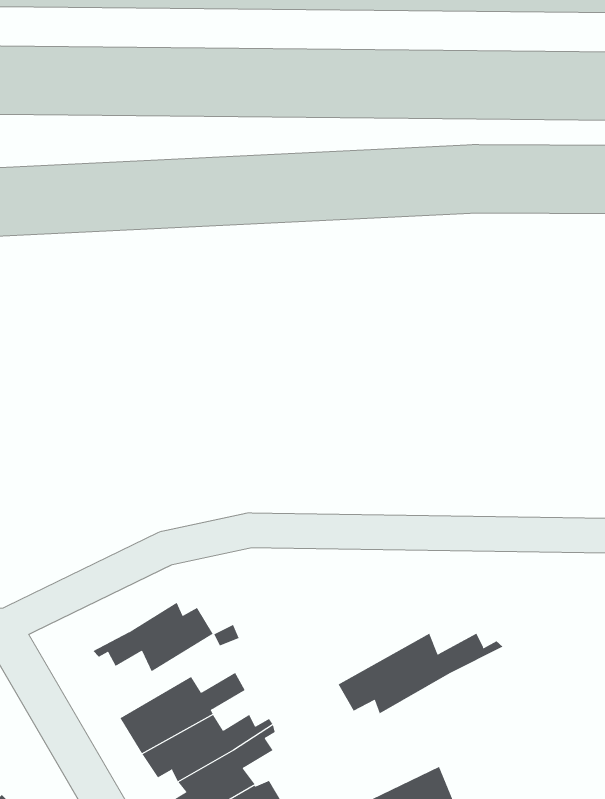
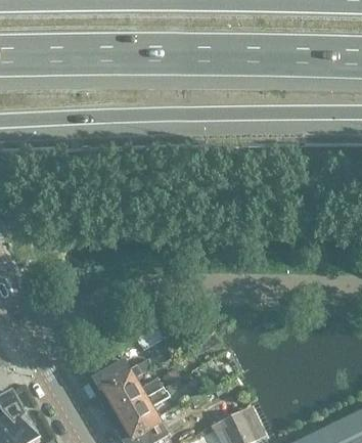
building: [93,602,214,672] -> none
building: [338,633,504,714] -> none

